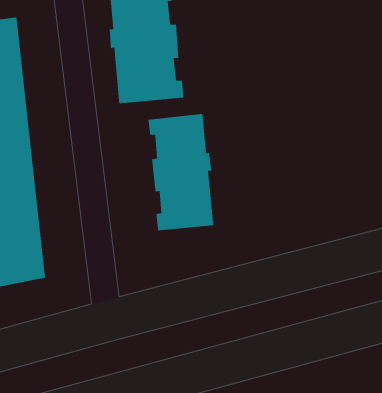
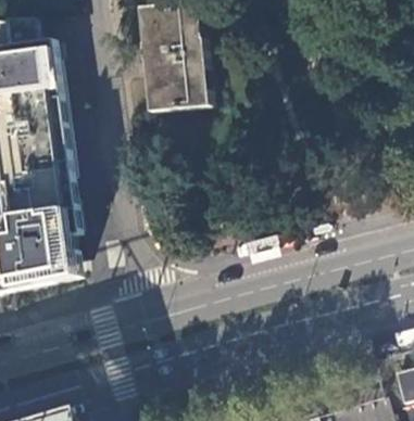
building: [148,113,214,231] -> none

